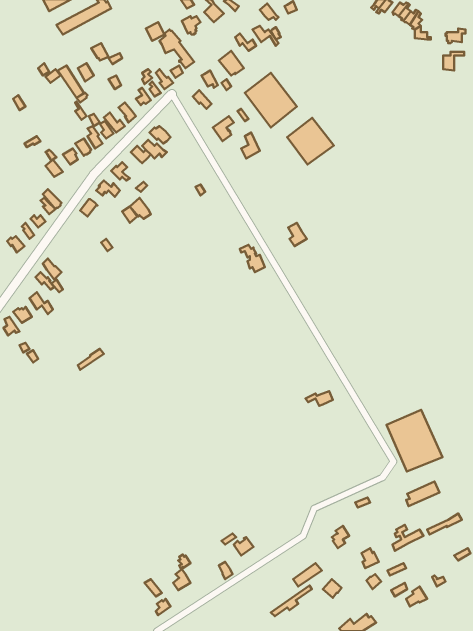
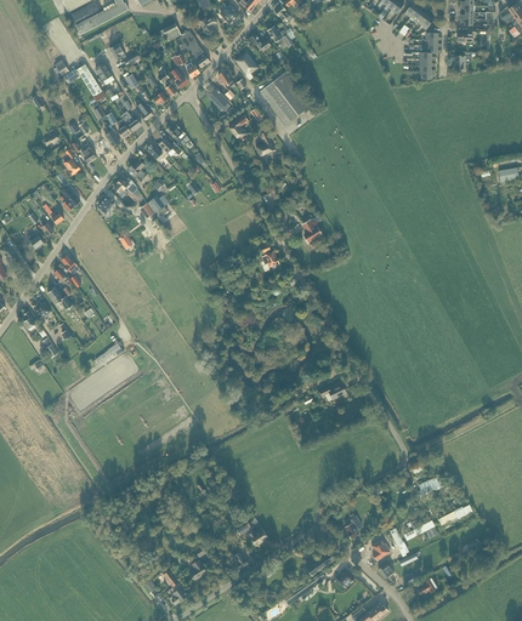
building: [287,118,334,165] -> none
building: [387,410,443,472] -> none

